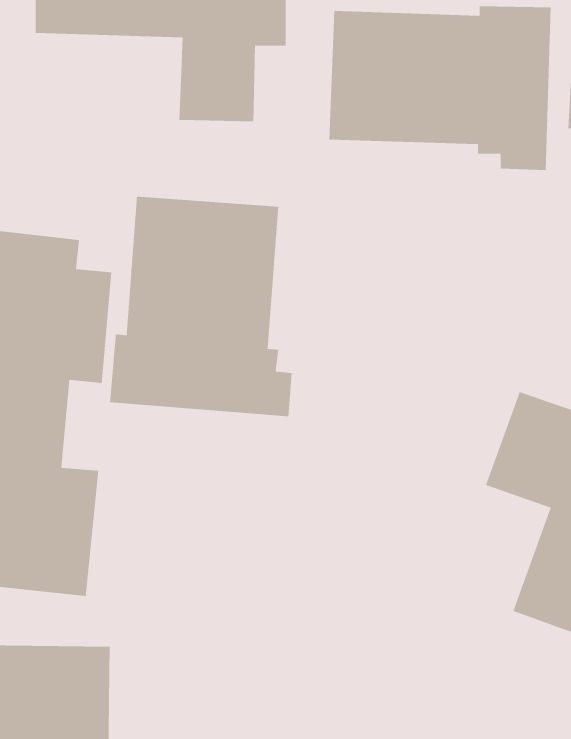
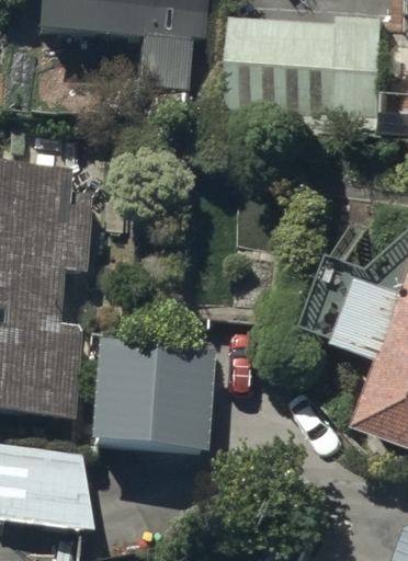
building: [110,196,292,417] -> none
building: none -> [90,341,213,447]

